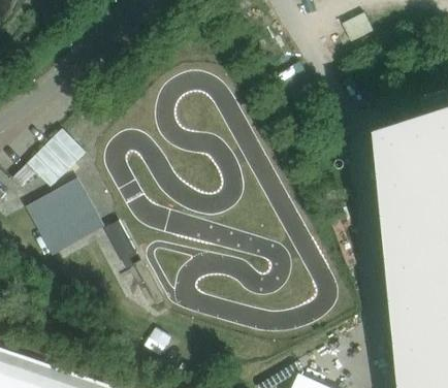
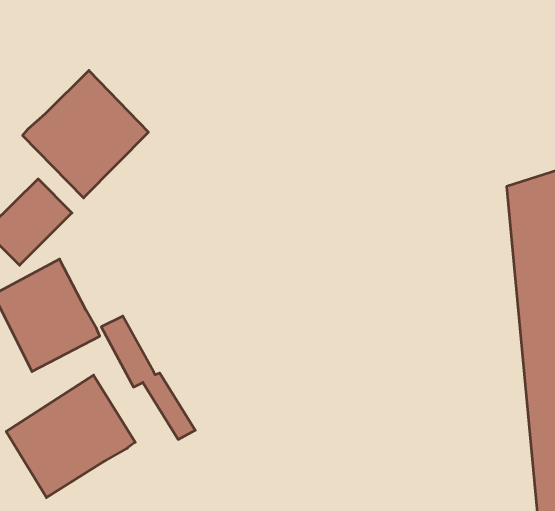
building: none -> [23,70,148,198]
building: none -> [6,375,135,498]

